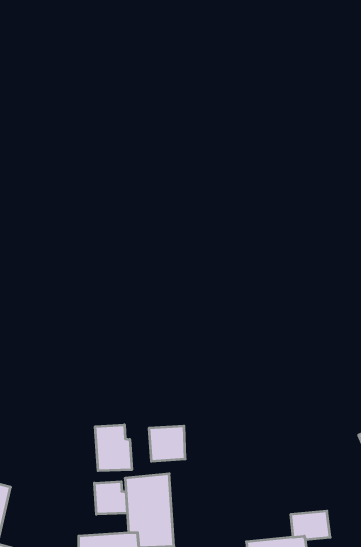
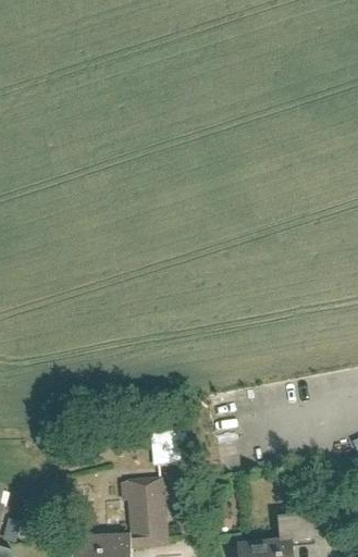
building: [95,425,132,471] -> none
building: [94,482,127,514] -> none

